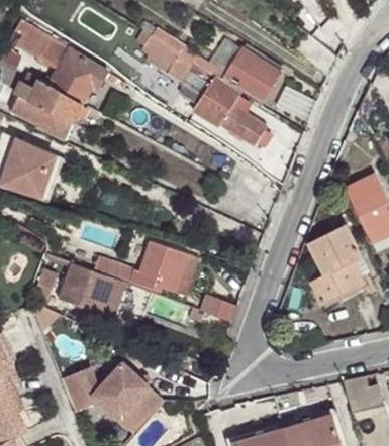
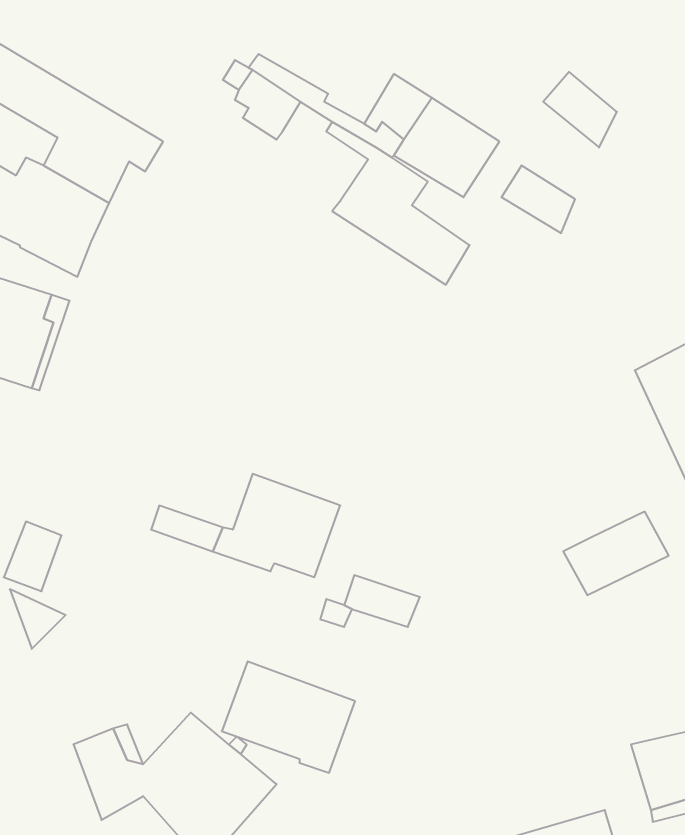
building: [171,53,214,104] -> none
building: [311,225,364,274] -> none
building: [62,262,129,319] -> [222,661,355,773]

